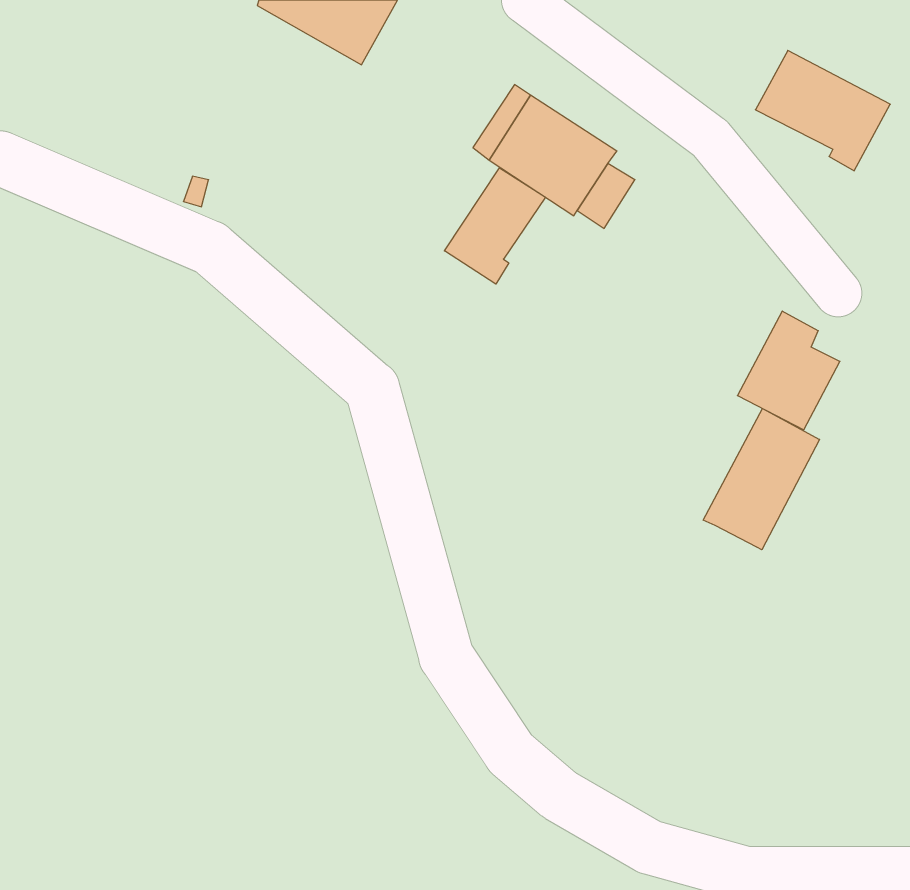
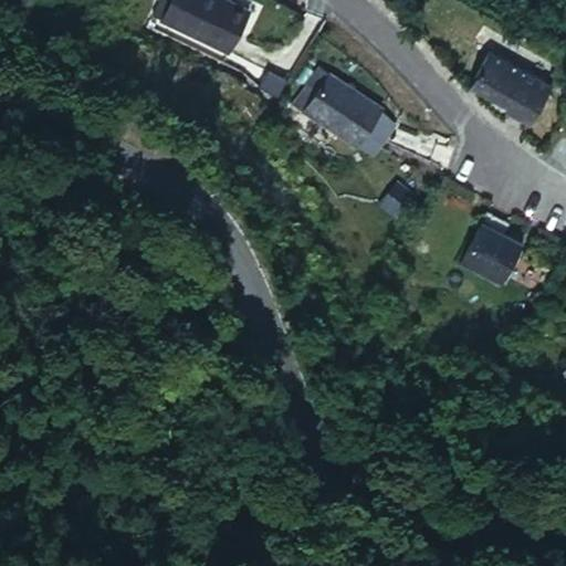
building: [444,168,545,284] -> none
building: [703,409,820,550] -> none

